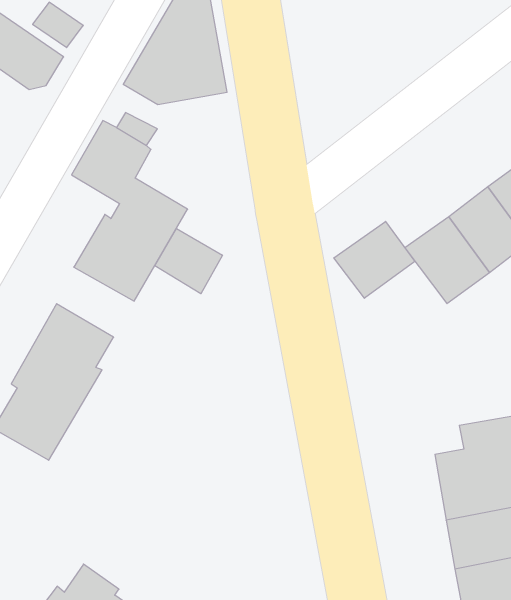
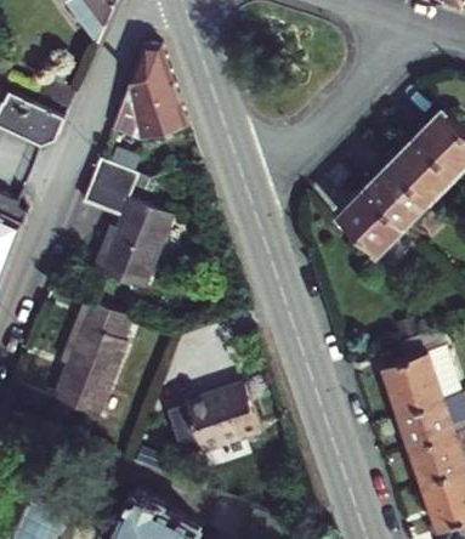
building: [334,221,415,298] -> none
building: [155,228,222,294] -> none
building: none -> [166,387,259,459]

